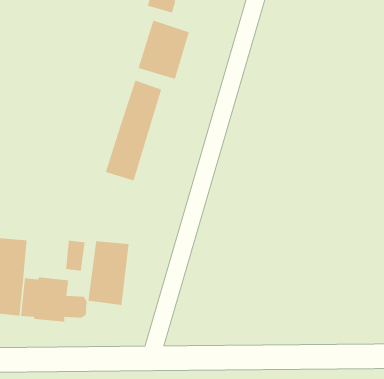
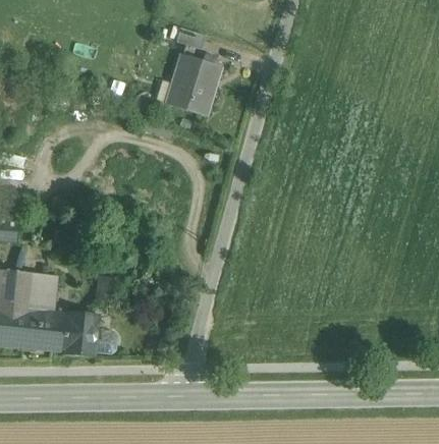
building: [105,80,162,182] -> none
building: [88,240,129,306] -> none

